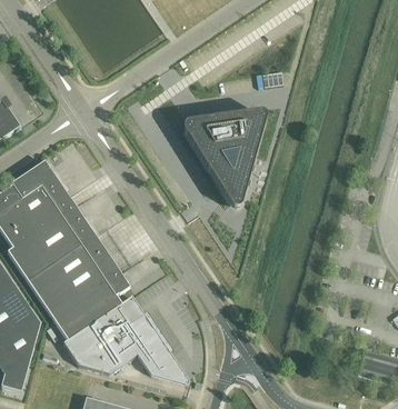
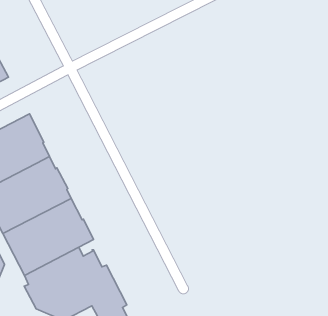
building: [183,111,266,208] -> none

